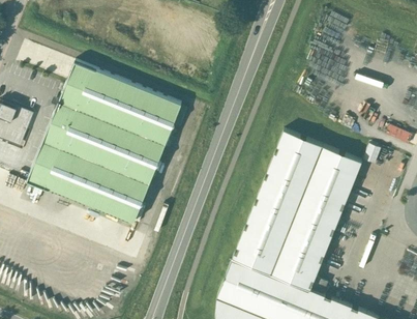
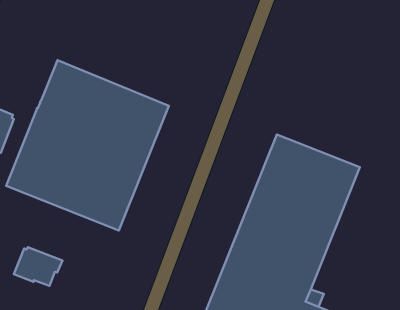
building: none -> [14,247,63,286]

